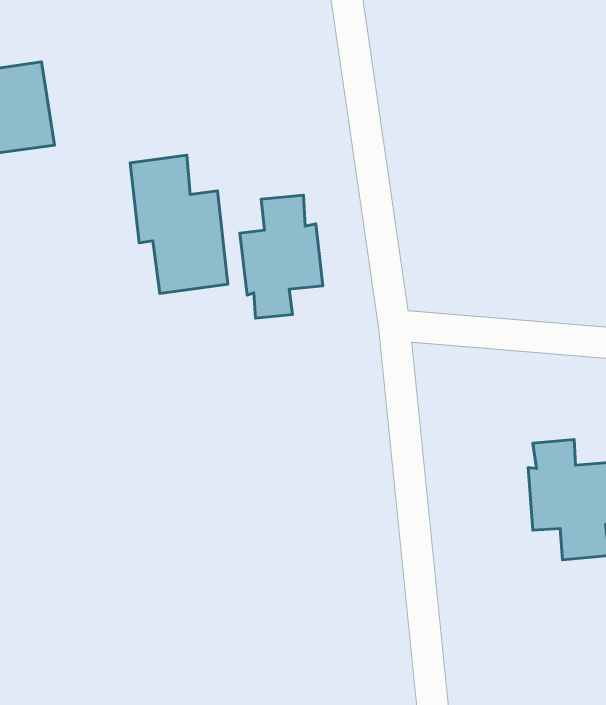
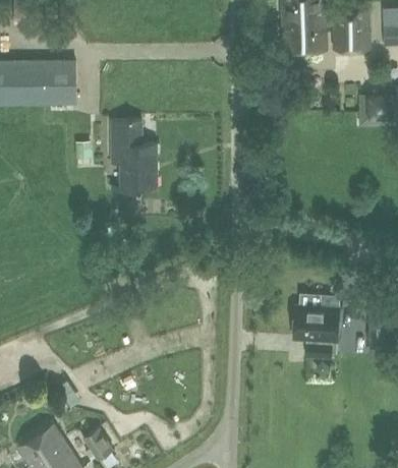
building: [240,195,323,318] -> none

